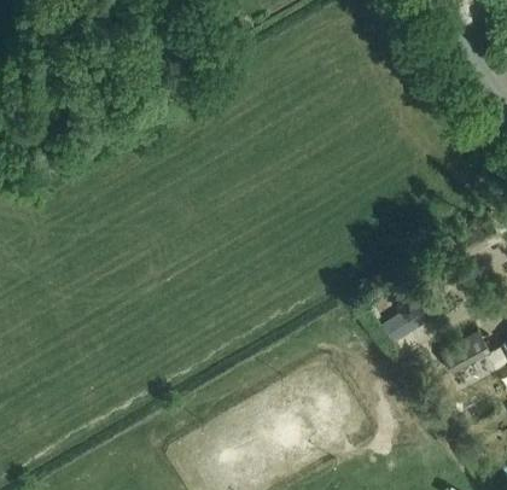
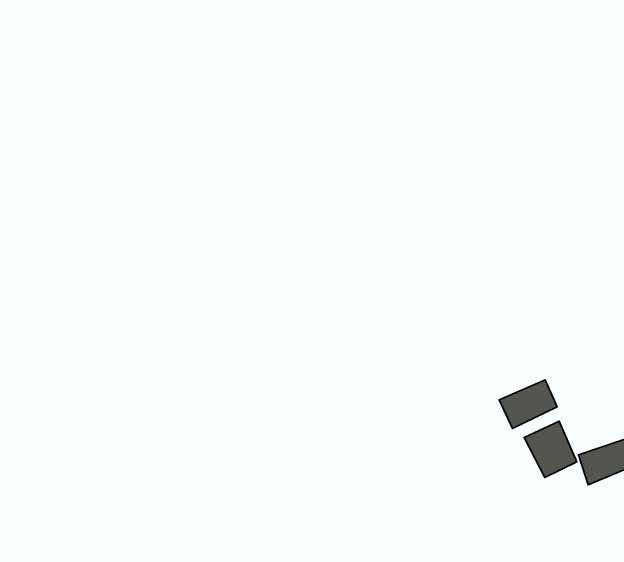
building: none -> [524,421,577,477]

